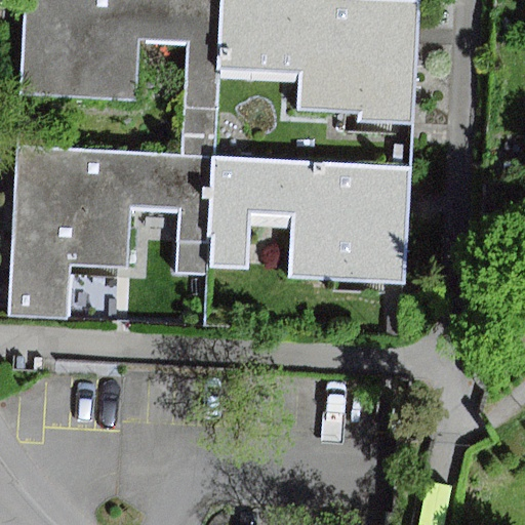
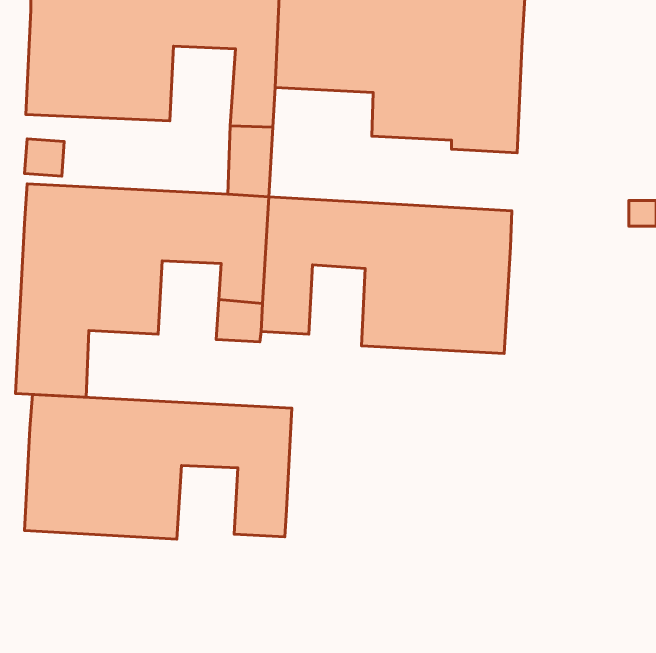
building: none -> [25,394,292,539]

